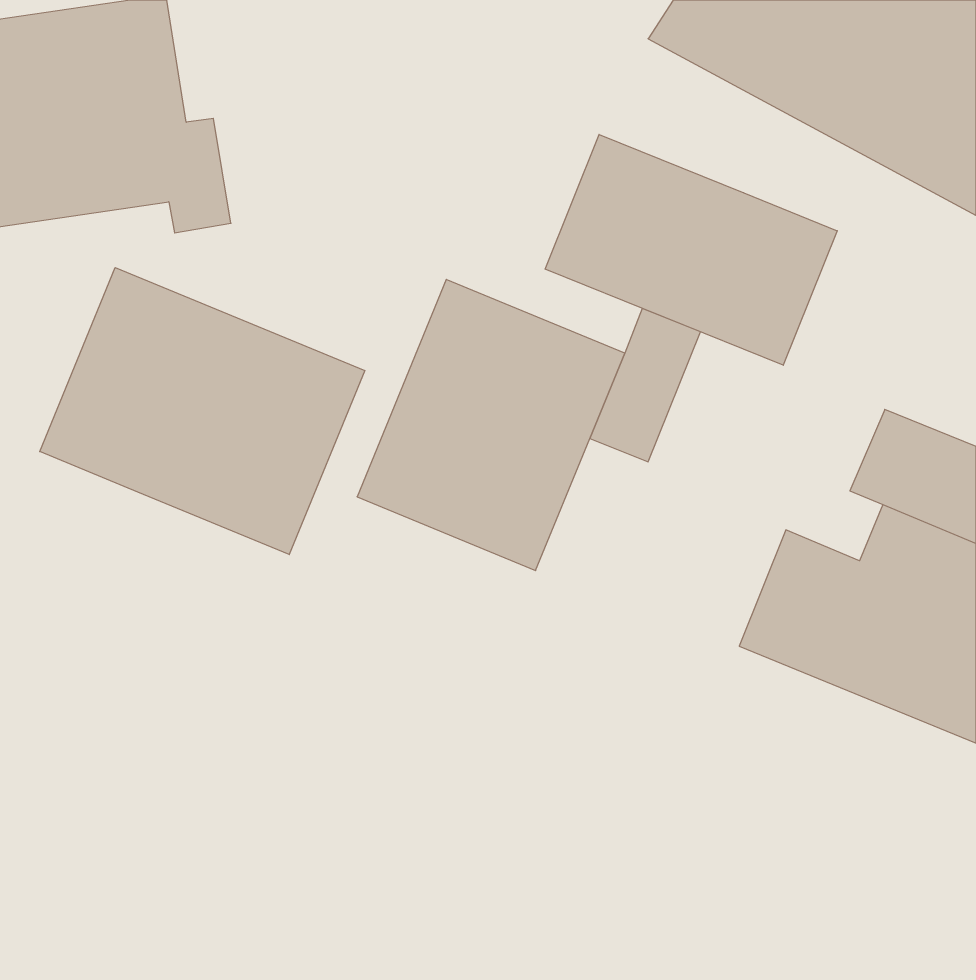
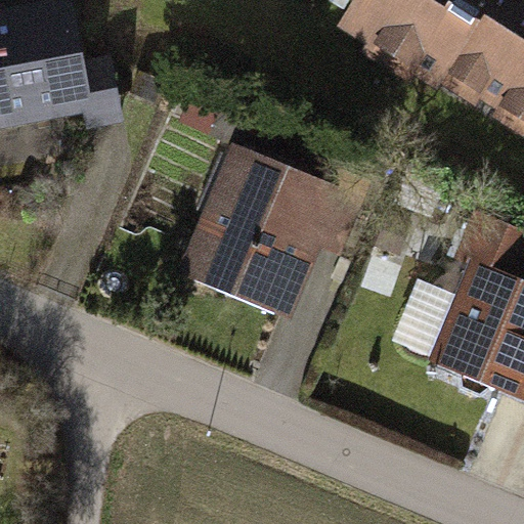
building: [545,134,837,365] -> none
building: [40,268,365,555] -> none

